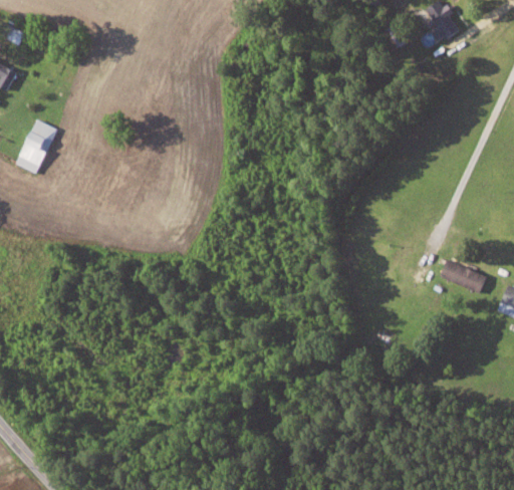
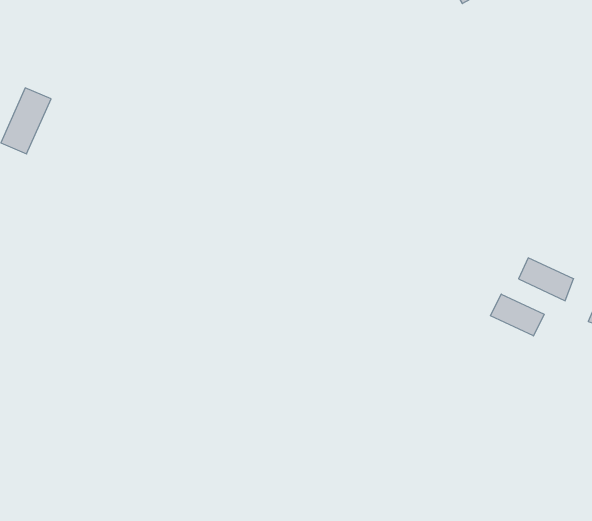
building: none -> [491,294,544,336]

